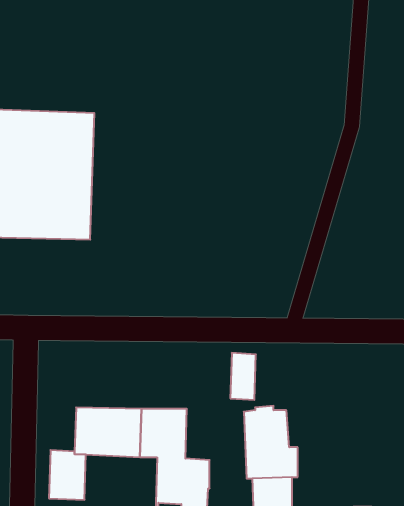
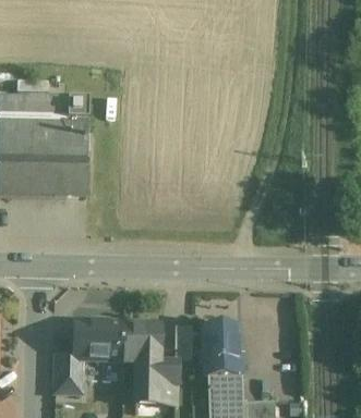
building: [230,353,256,400] -> [175,323,194,359]

